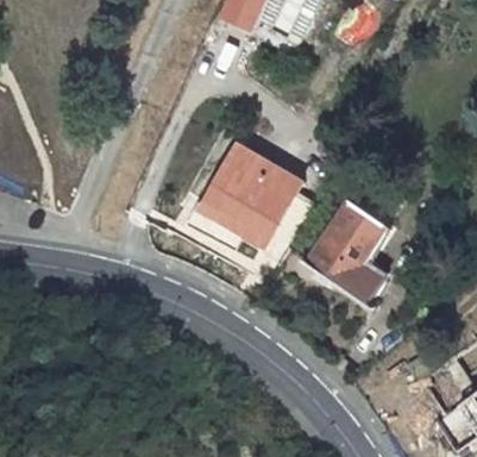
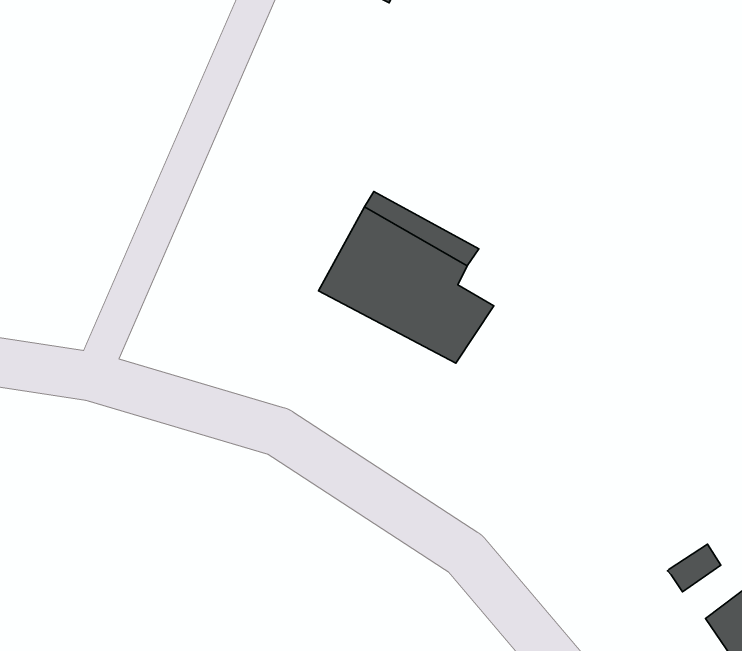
building: [308,199,385,299] -> none

